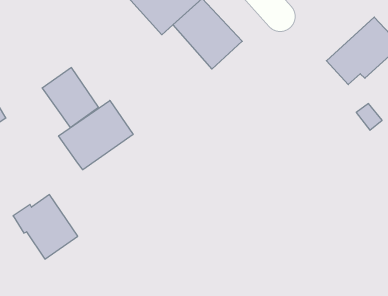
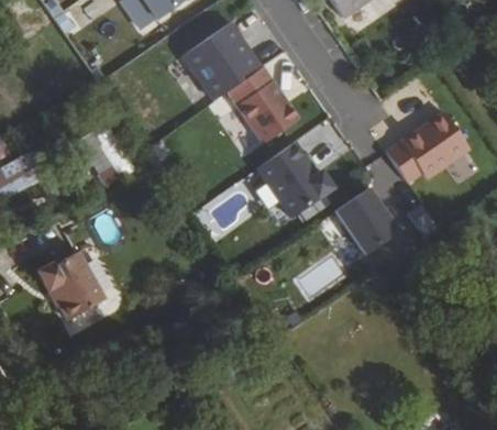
building: none -> [258,142,335,218]
building: none -> [336,188,399,254]
building: [59,100,133,170] -> none

